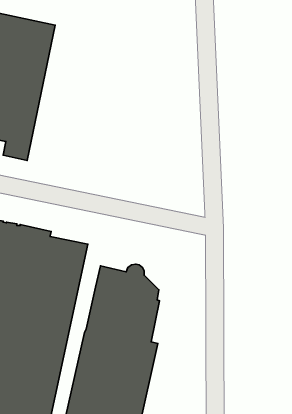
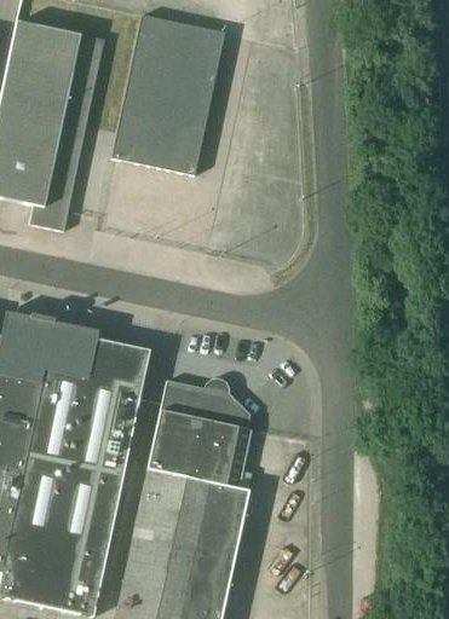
building: none -> [110,15,224,175]

